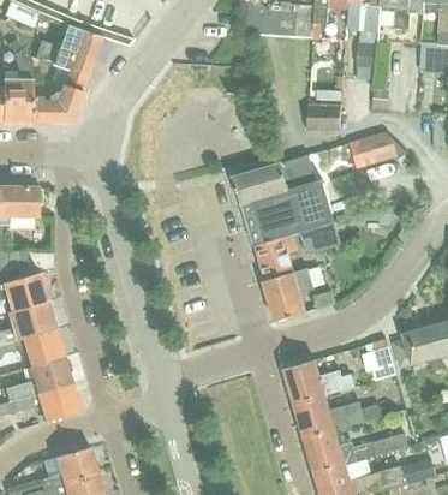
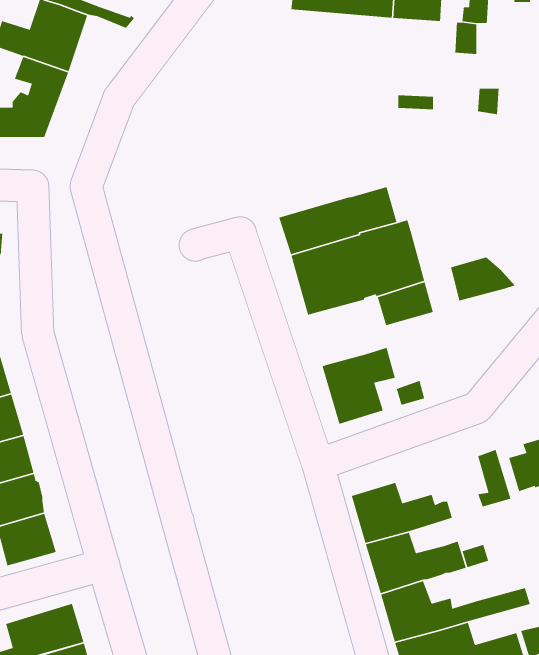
building: [306,105,340,130] -> none
building: [360,132,406,163] -> [450,256,516,301]
building: [257,234,298,279] -> none

